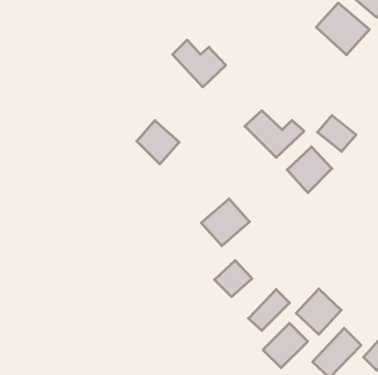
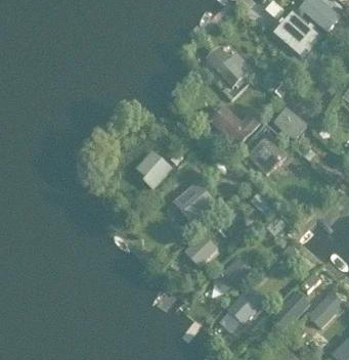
building: [173,40,226,87] -> [205,48,250,88]
building: [137,120,179,164] -> [134,151,170,188]
building: [296,289,341,334] -> none

